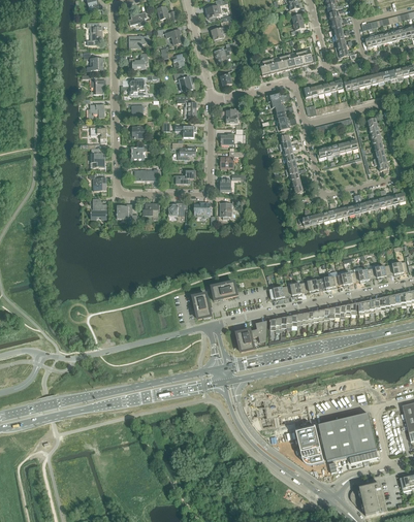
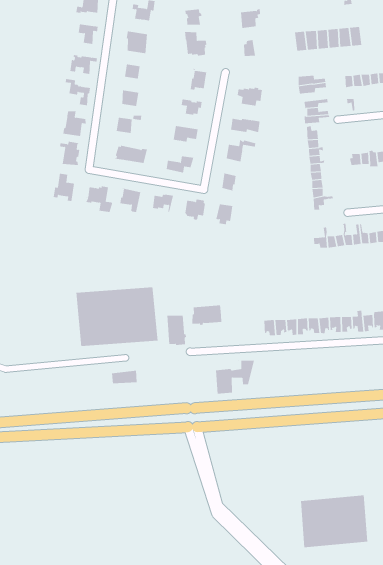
building: none -> [76,286,158,347]
building: [295,426,323,465] -> none

